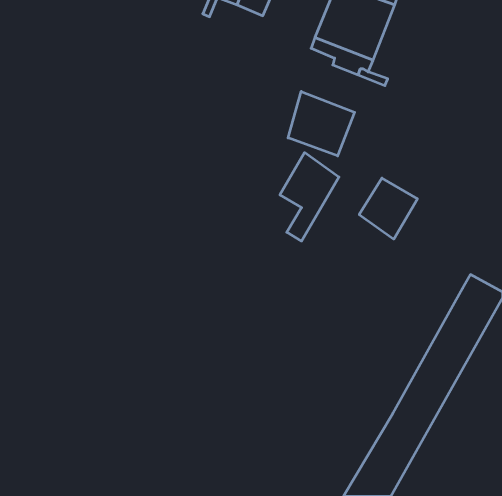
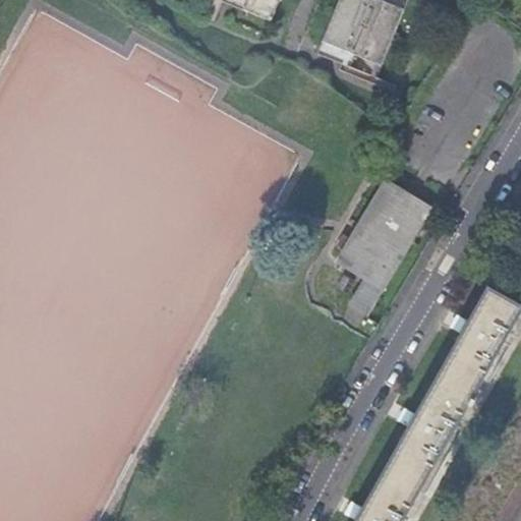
building: [288,91,355,156] -> none
building: [280,153,339,241] -> [347,222,408,313]

